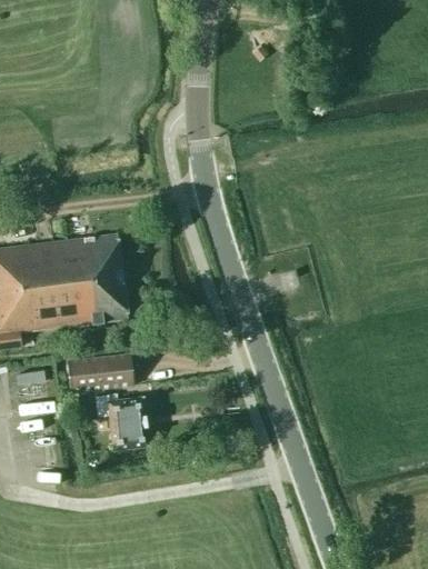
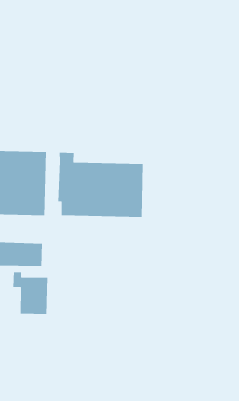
building: none -> [57,152,144,218]

